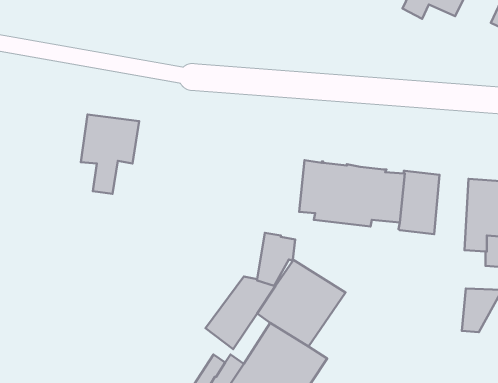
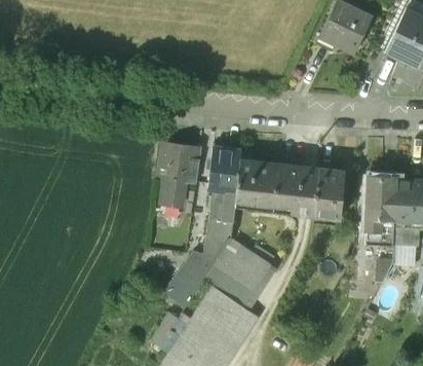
building: [81,114,139,194] -> [156,143,201,205]
building: none -> [208,143,242,222]

